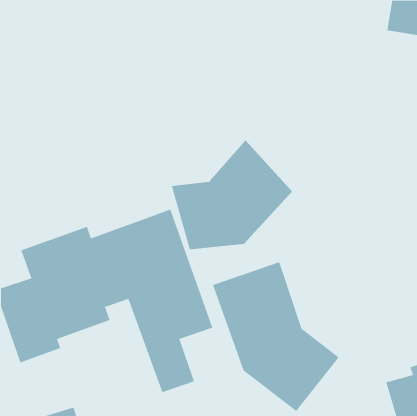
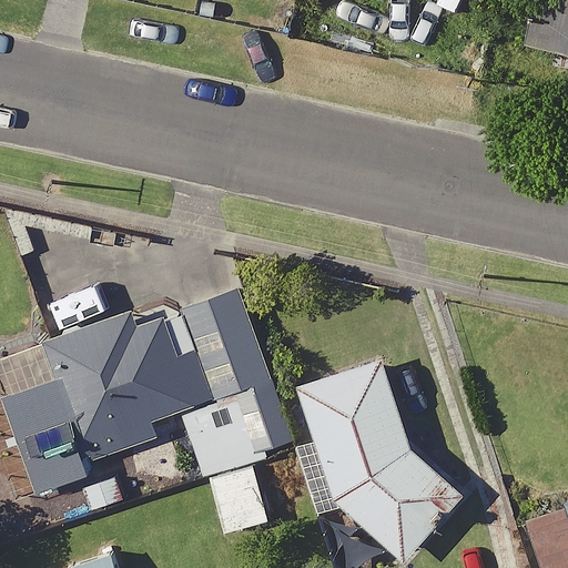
building: [171,139,293,250] -> none

